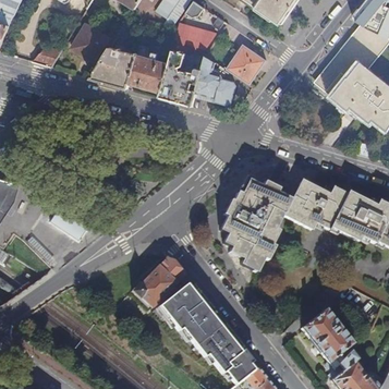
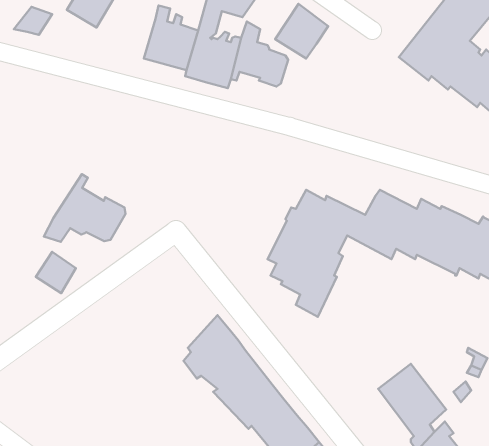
building: [93,46,138,87] -> none
building: none -> [44,174,125,242]
building: [132,256,184,308] -> none

